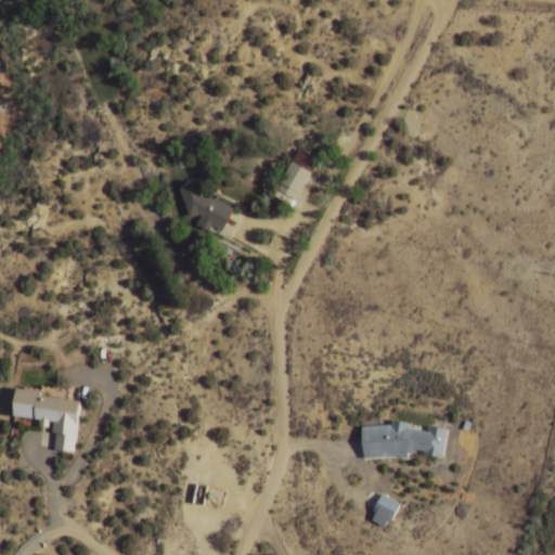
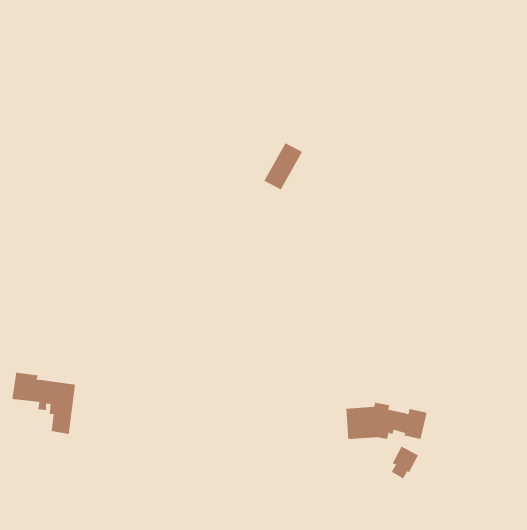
building: [179,181,232,231] -> none
building: [370,493,399,528] -> [391,446,419,479]

